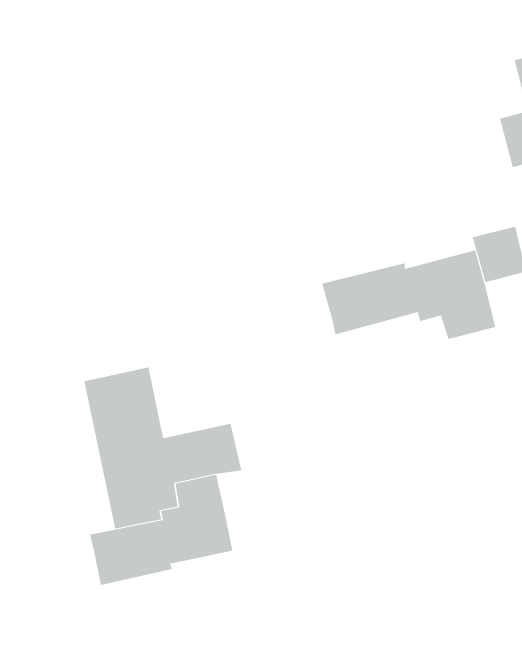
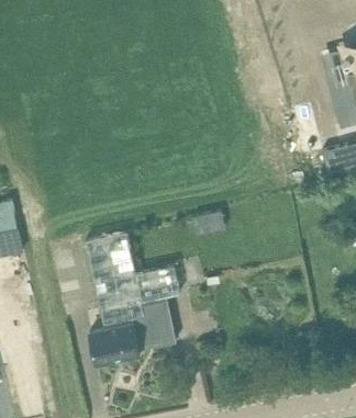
building: [322,250,496,340] -> none

